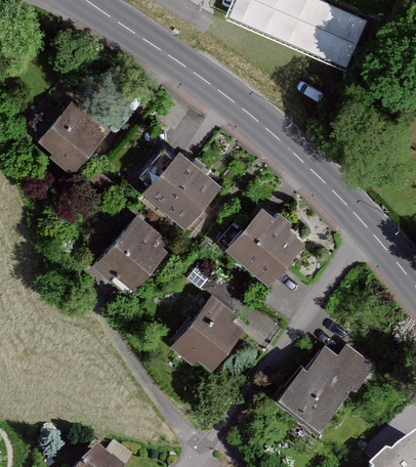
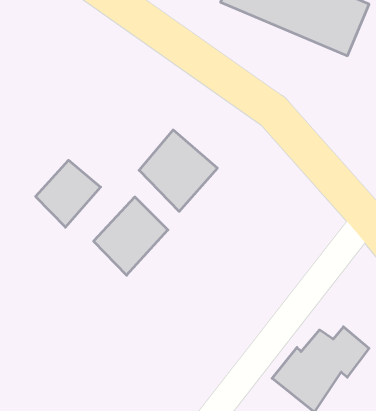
building: [38,105,102,172] -> [36,160,101,227]
building: [223,207,303,287] -> none
building: [170,298,244,377] -> none

